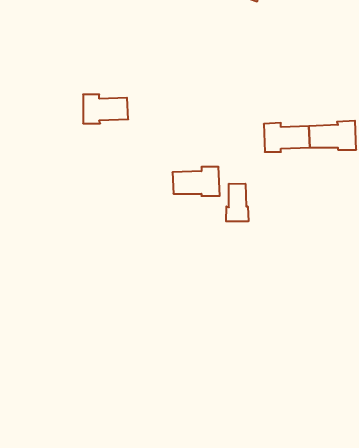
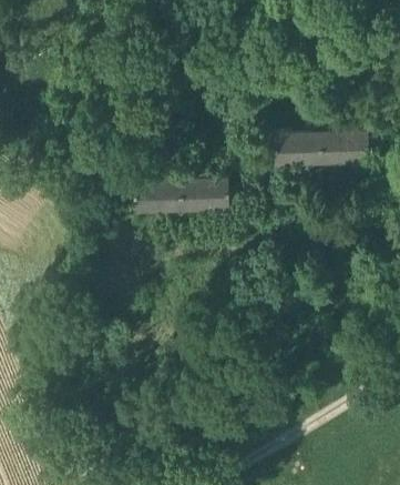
building: [83,94,128,123] -> [134,181,181,211]
building: [226,184,248,221] -> none

